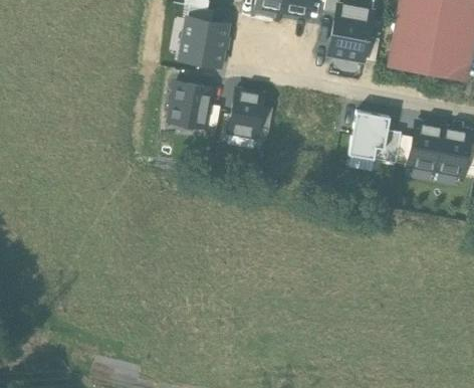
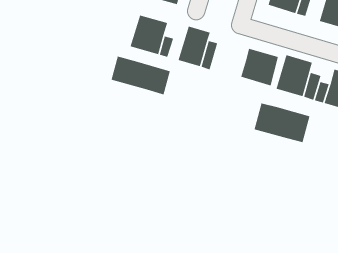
building: none -> [240,48,279,86]
building: none -> [111,56,171,95]
building: none -> [254,102,310,143]

